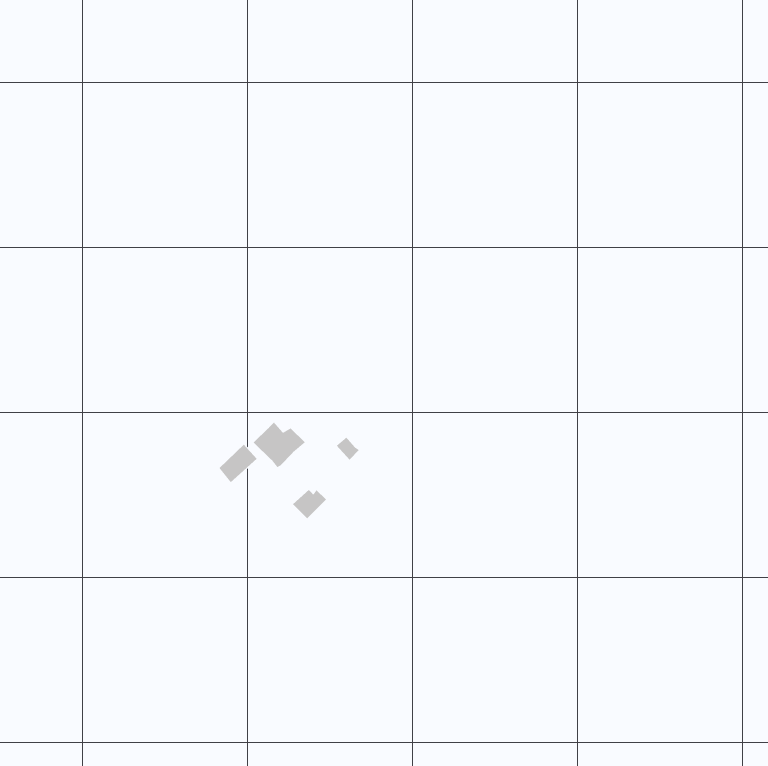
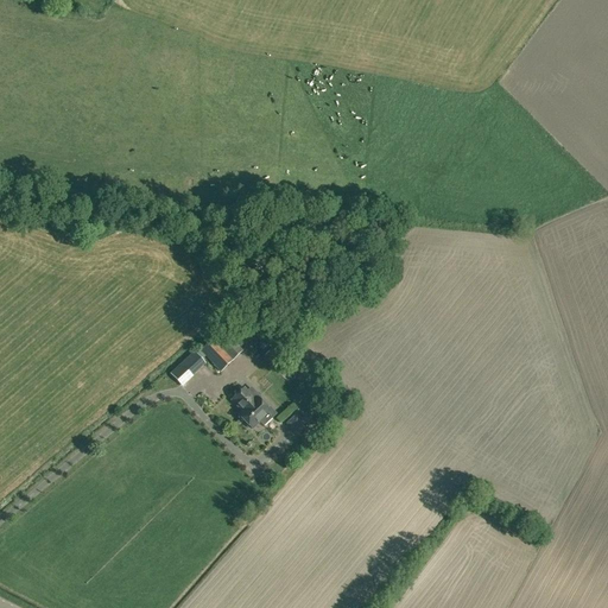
building: none -> [238,394,274,426]

